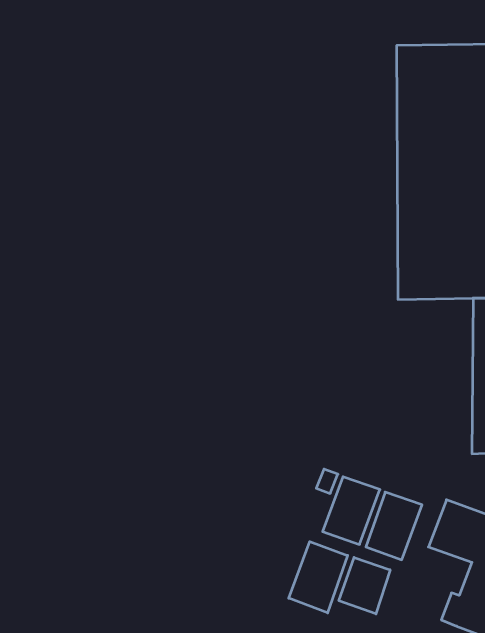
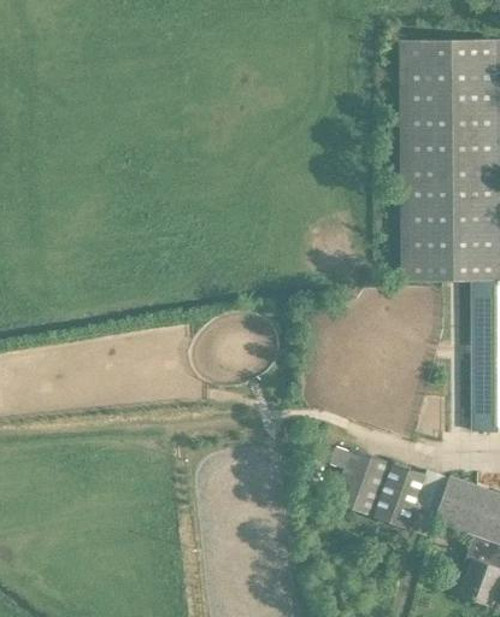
building: [289,542,348,613] -> none
building: [339,557,390,614] -> none

